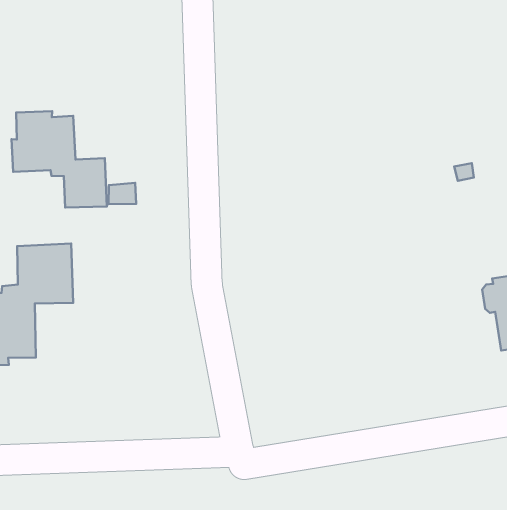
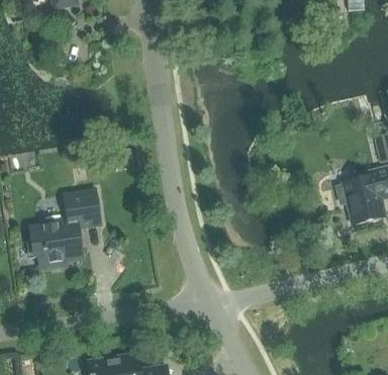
building: [11,111,107,207] -> none

